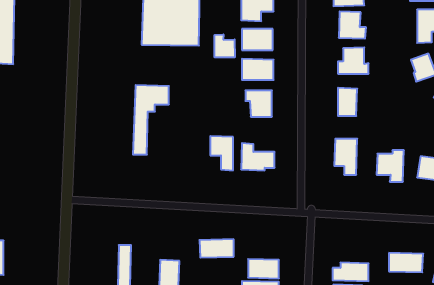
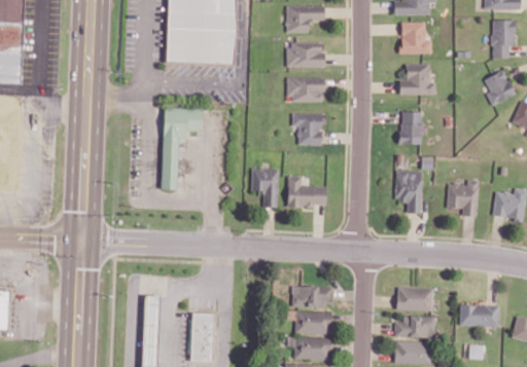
building: [215,34,235,57] -> none
building: none -> [395,287,432,310]
building: [199,239,234,258] -> [290,286,330,307]

